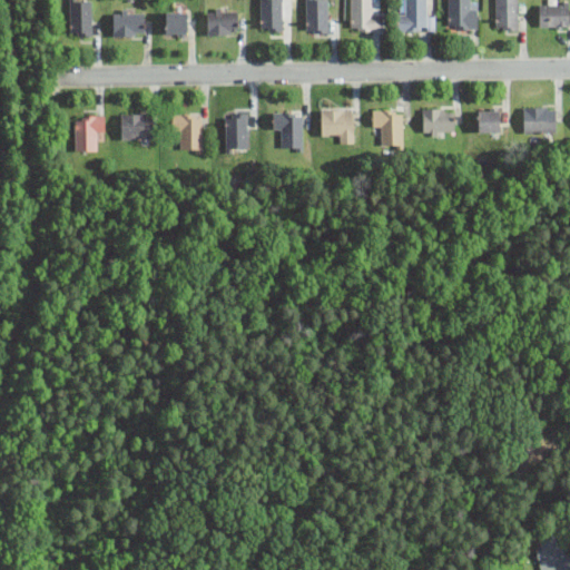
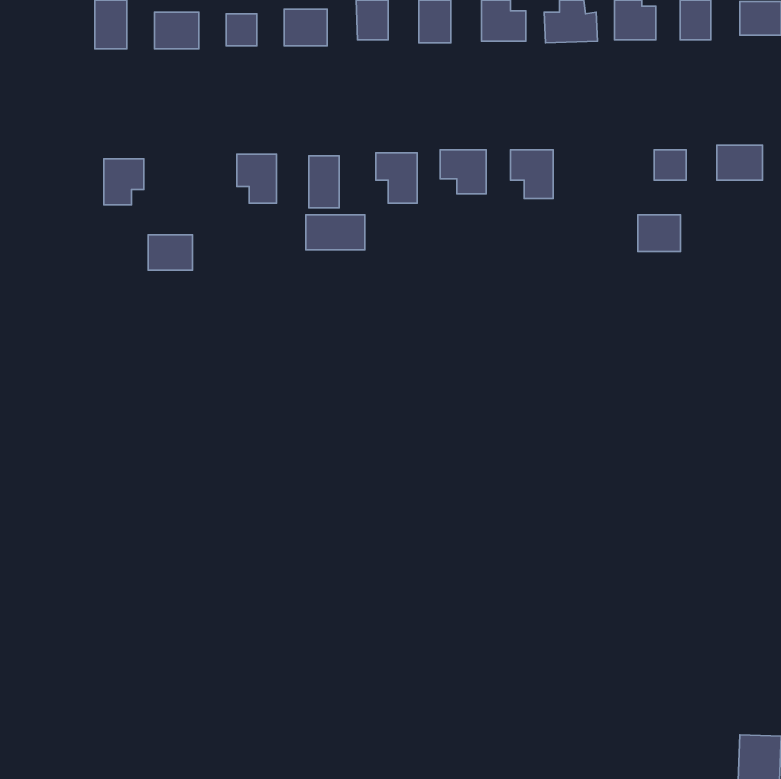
building: [423,108,454,135] -> [638,215,681,252]
building: [121,114,154,139] -> [148,235,192,270]
building: none -> [306,215,365,250]

